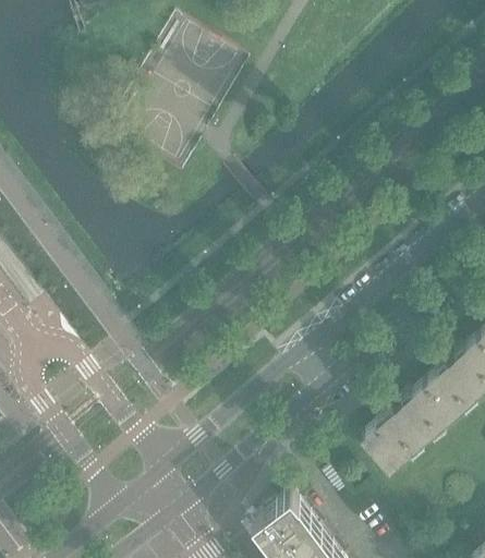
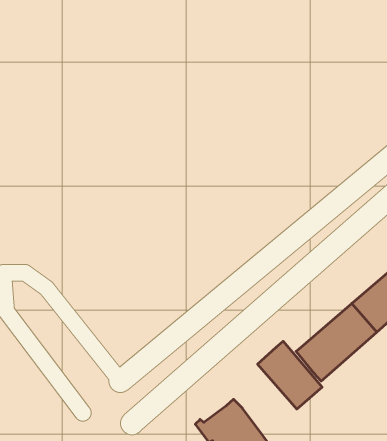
building: none -> [258,341,322,409]

